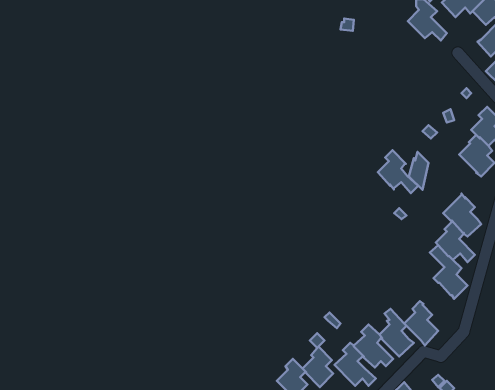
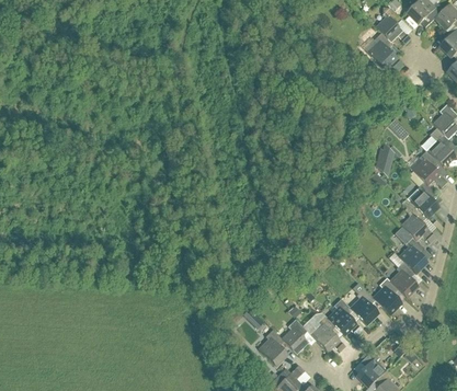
building: none -> [366,32,403,70]
building: [378,150,418,193] -> [412,150,448,188]
building: none -> [388,261,420,299]

